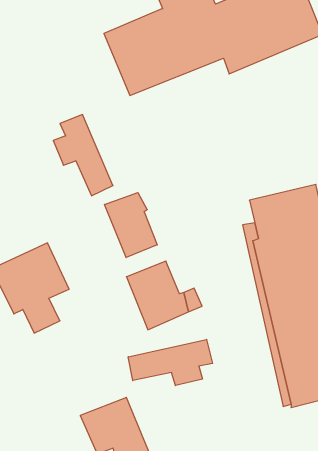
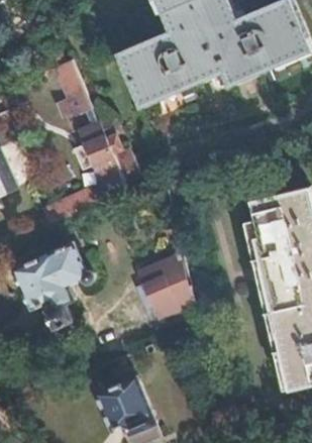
building: none -> [49,59,93,115]
building: [105,193,157,258] -> none
building: [128,339,213,386] -> none

